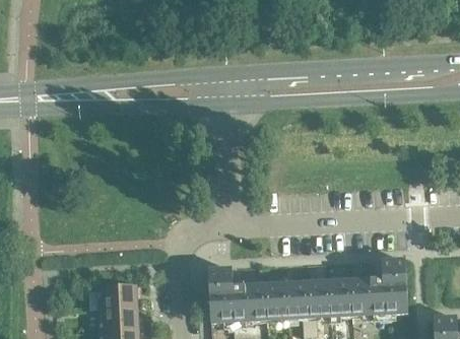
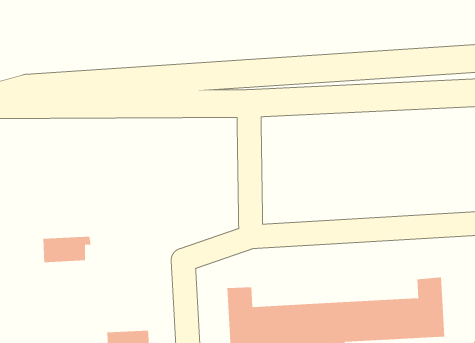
building: [97,284,142,309] -> [43,236,91,263]

